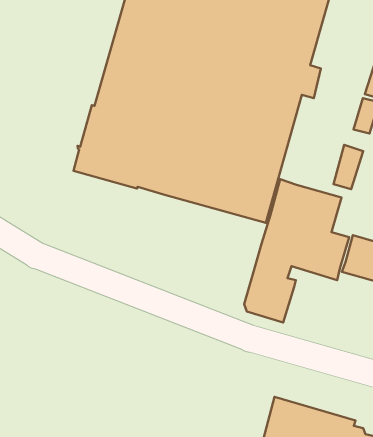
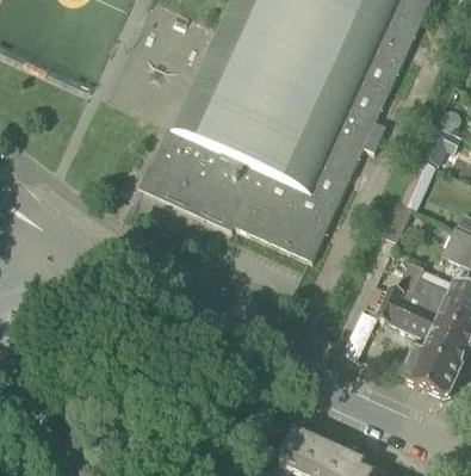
building: [244,179,349,322] -> none

